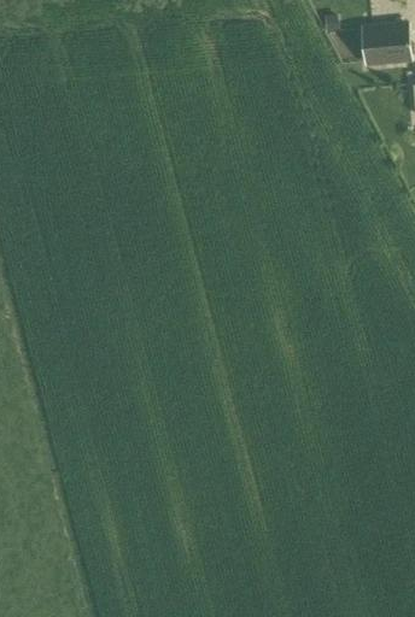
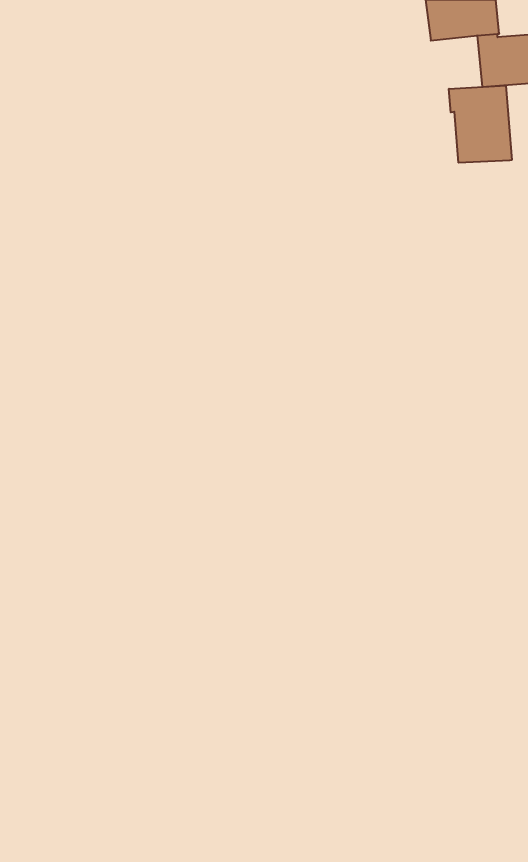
building: none -> [449,86,512,163]

